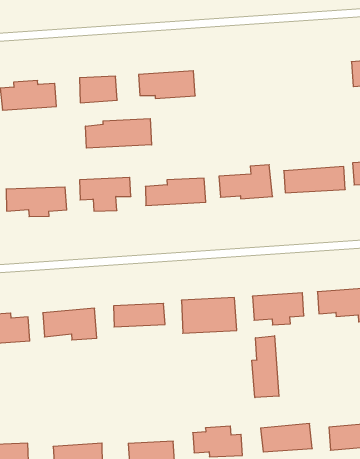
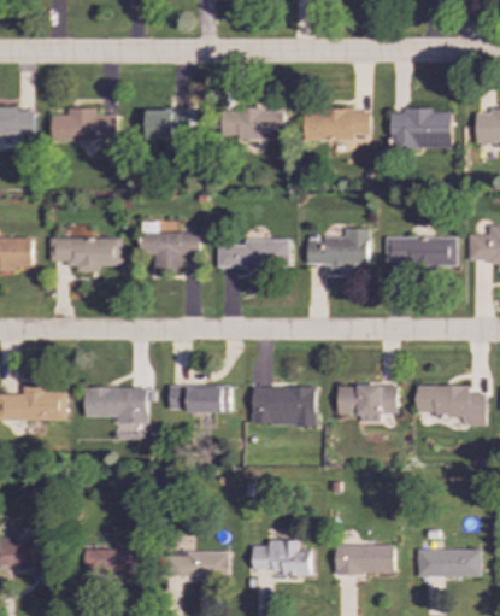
building: none -> [389,110,451,148]
building: none -> [302,108,370,141]
building: [86,119,152,148] -> none
building: [252,336,279,398] -> none

